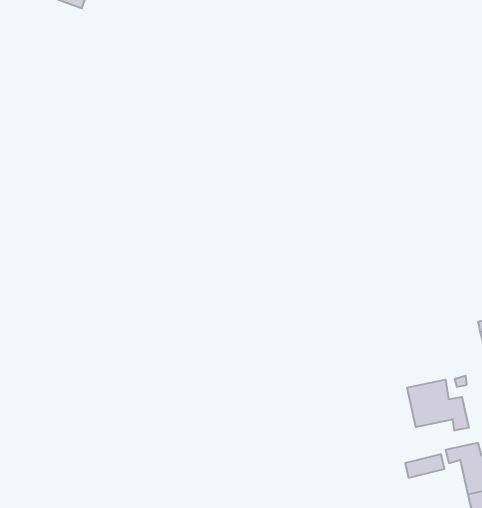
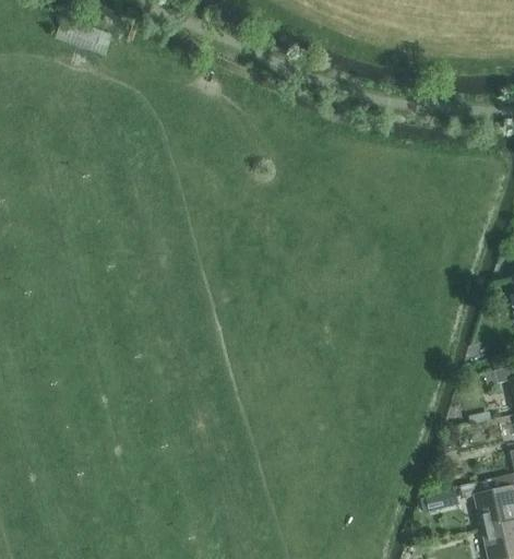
building: [407,379,469,431] -> none

